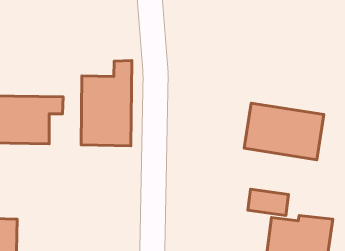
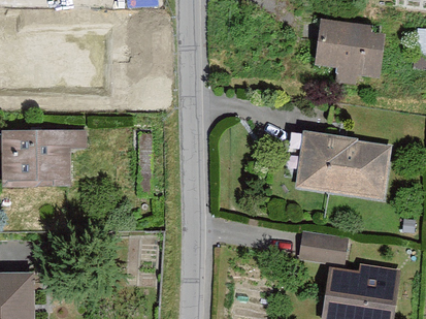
building: none -> [315,22,383,89]
building: [81,61,132,146] -> none

